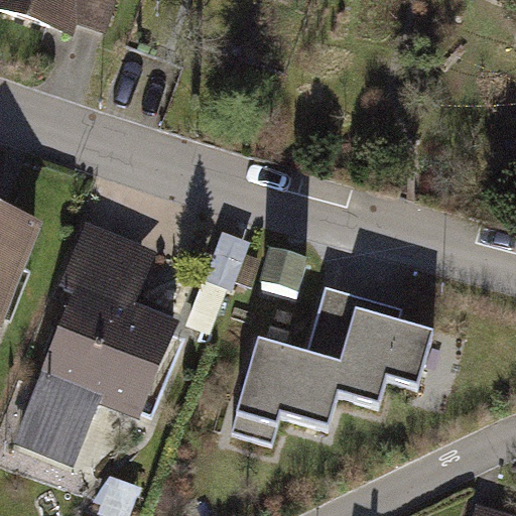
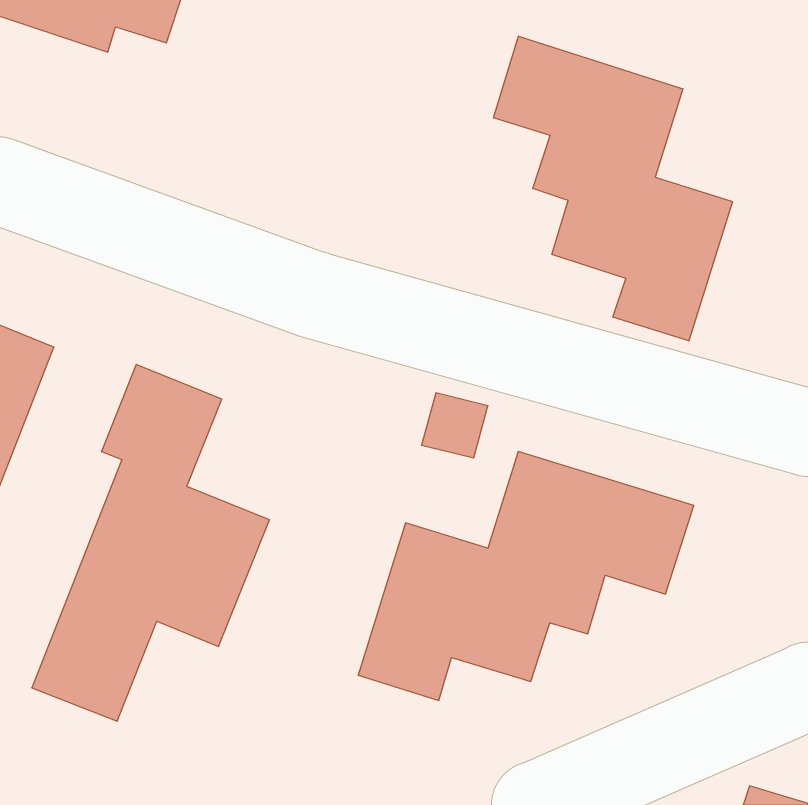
building: none -> [494,36,732,341]

